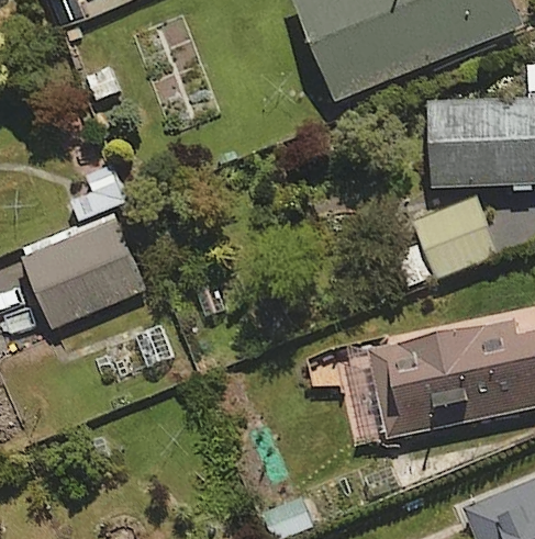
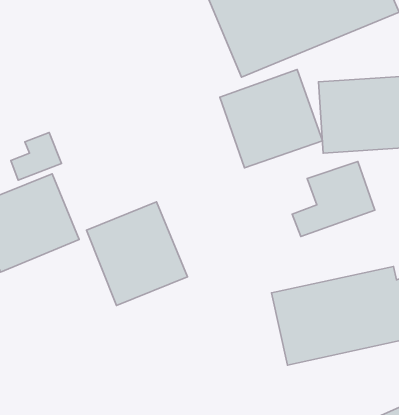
building: none -> [220,70,322,168]
building: none -> [86,202,187,306]

